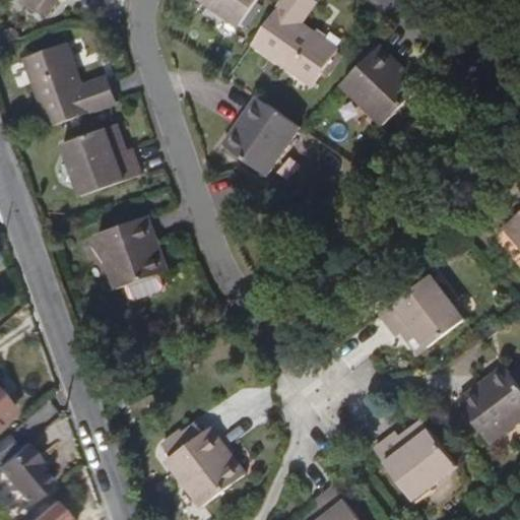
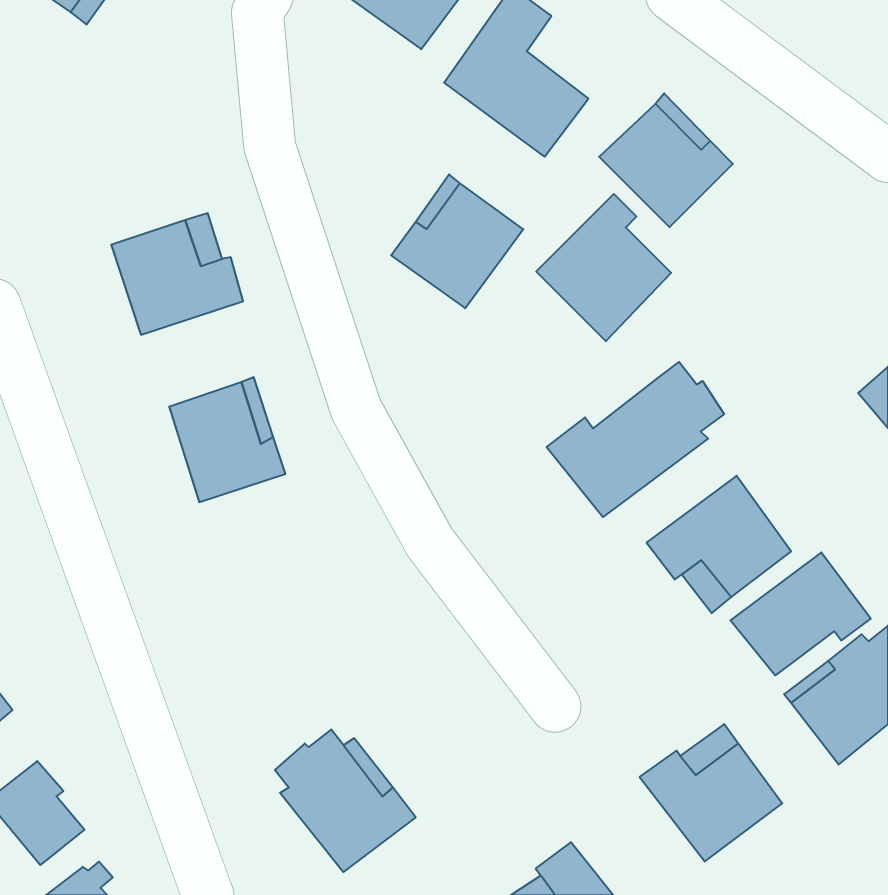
building: [28,42,117,124] -> none
building: none -> [536,194,671,341]
building: none -> [547,362,724,517]
building: none -> [730,552,871,675]

